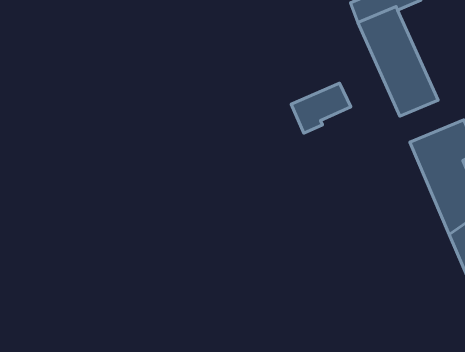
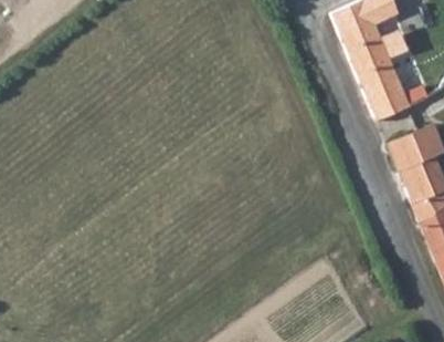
building: [291,83,351,133] -> none

